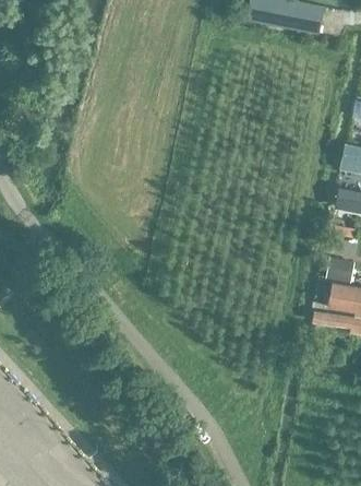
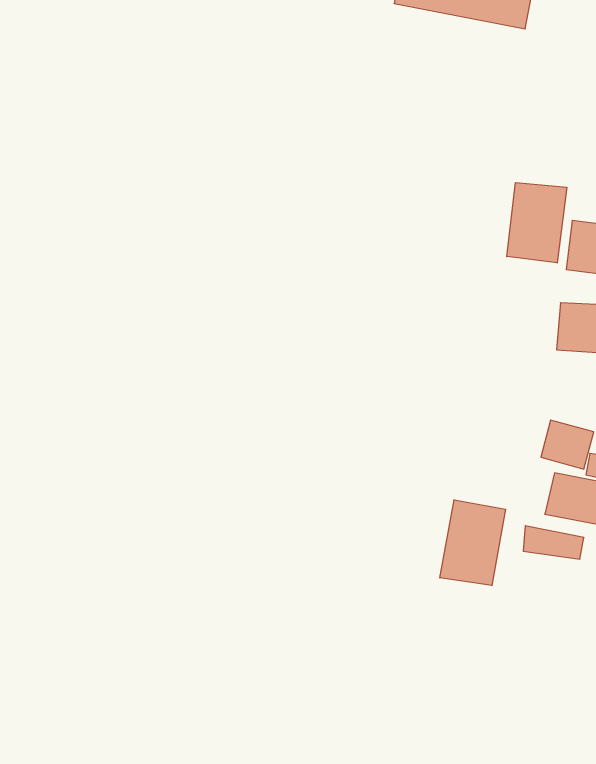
building: none -> [507,183,567,263]
building: none -> [440,500,505,586]

